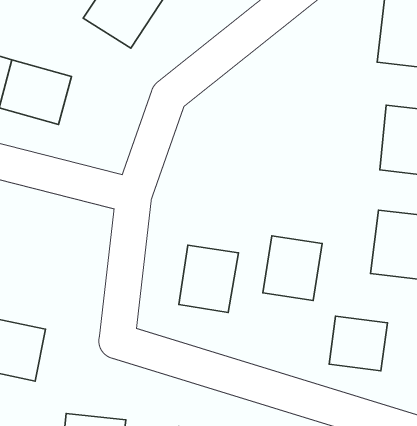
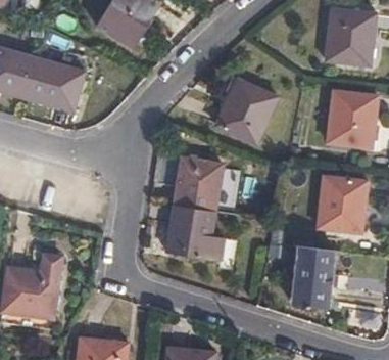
building: none -> [216,77,276,141]
building: [263,236,322,301] -> [176,160,223,211]

